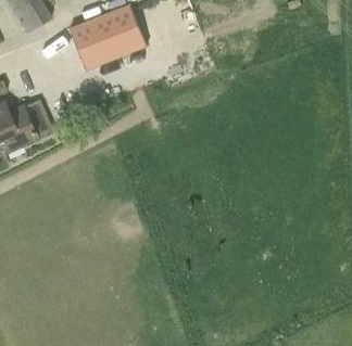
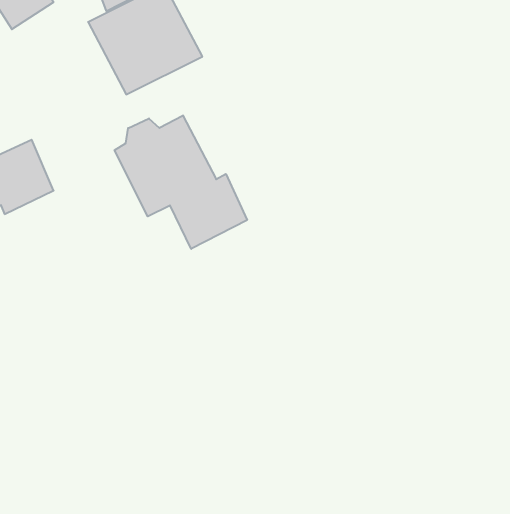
building: none -> [115,115,247,249]

